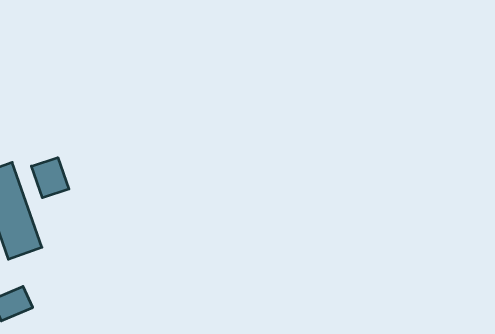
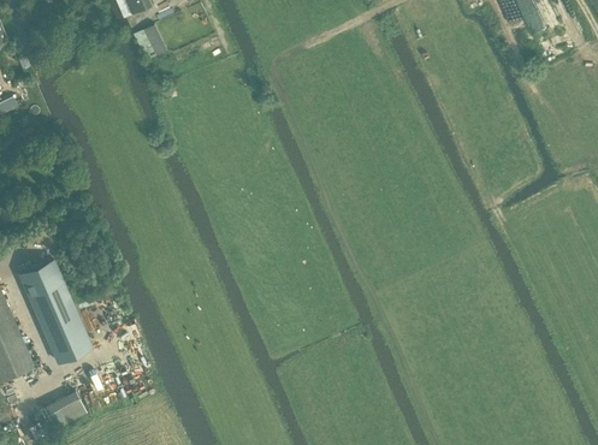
building: [31,158,69,198] -> none

